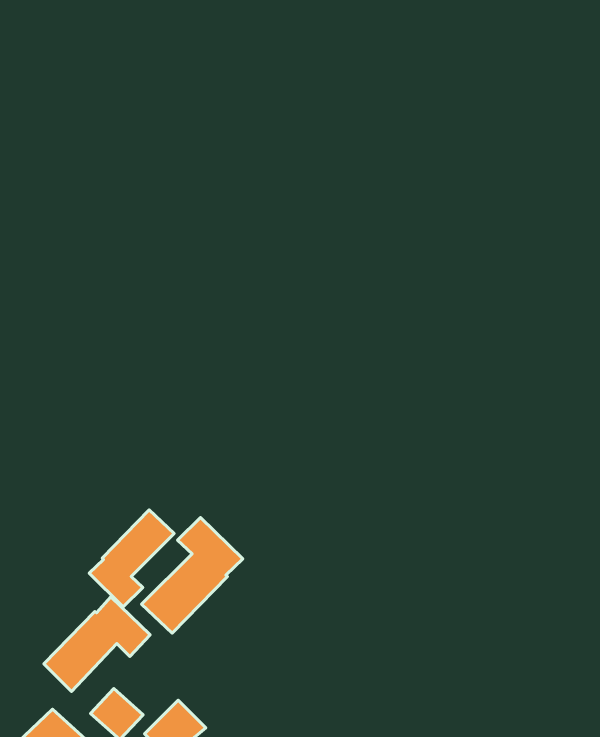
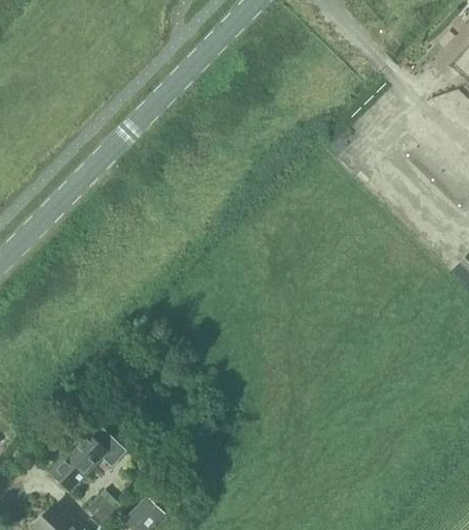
building: [89,510,174,607] -> none
building: [142,517,243,633] -> none

